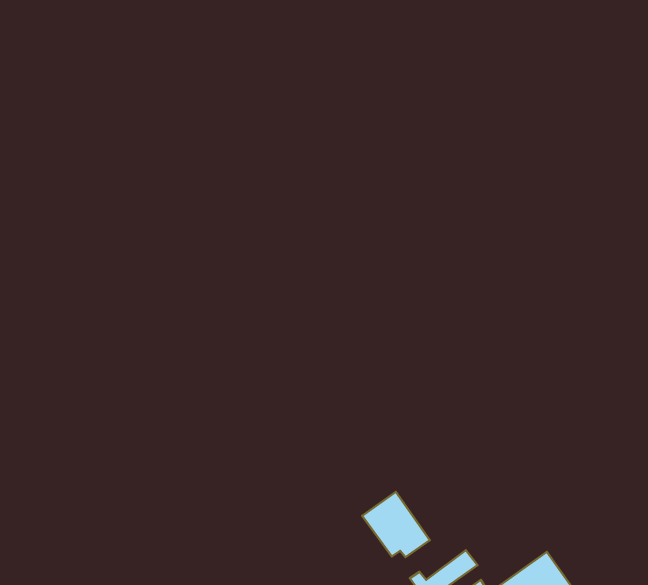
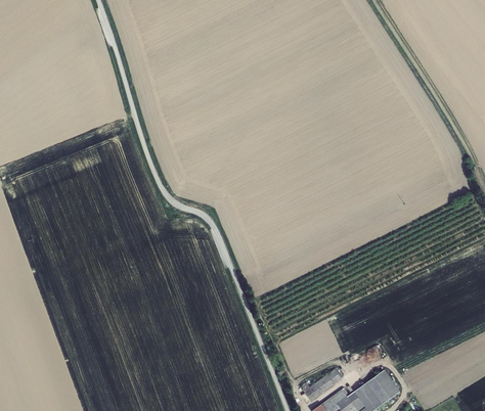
building: [362,492,430,557] -> none

